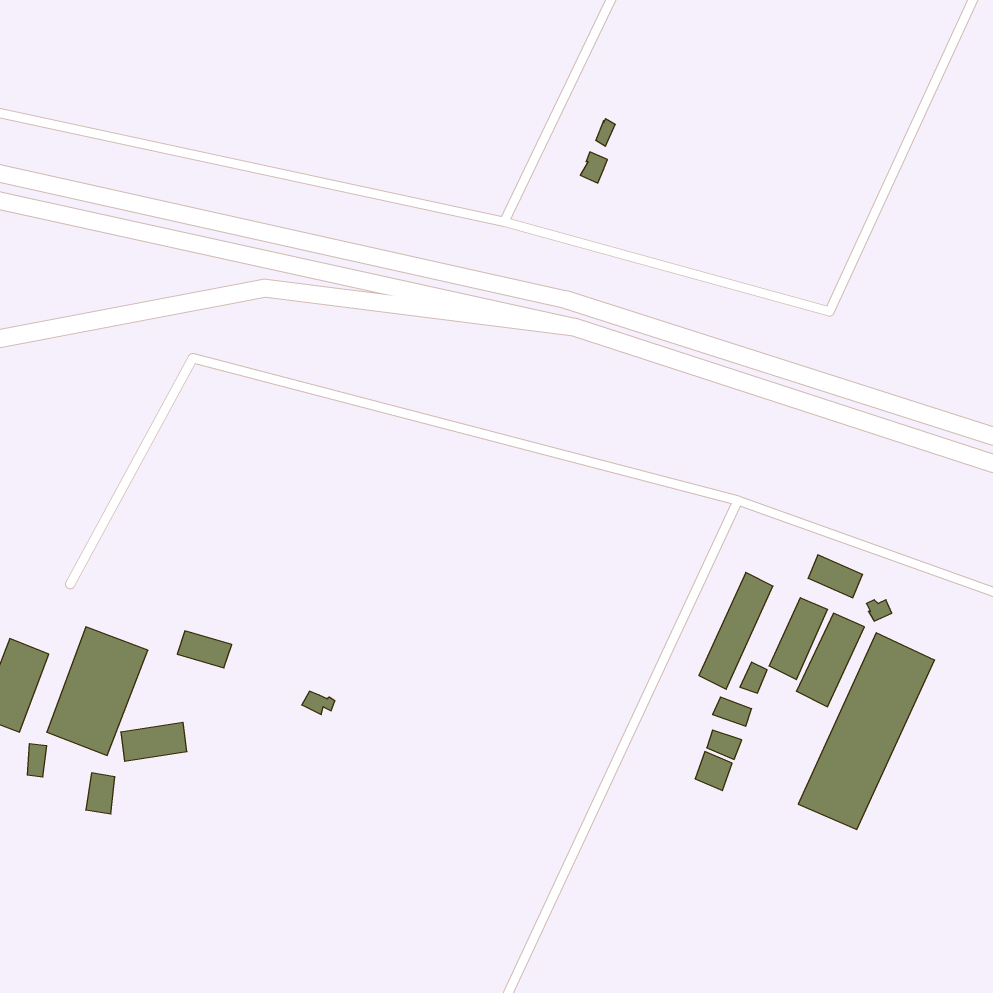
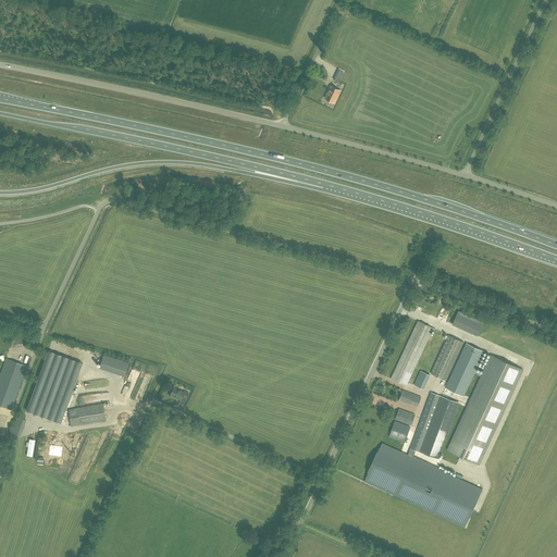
building: none -> [410,392,458,457]
building: none -> [363,443,481,525]

